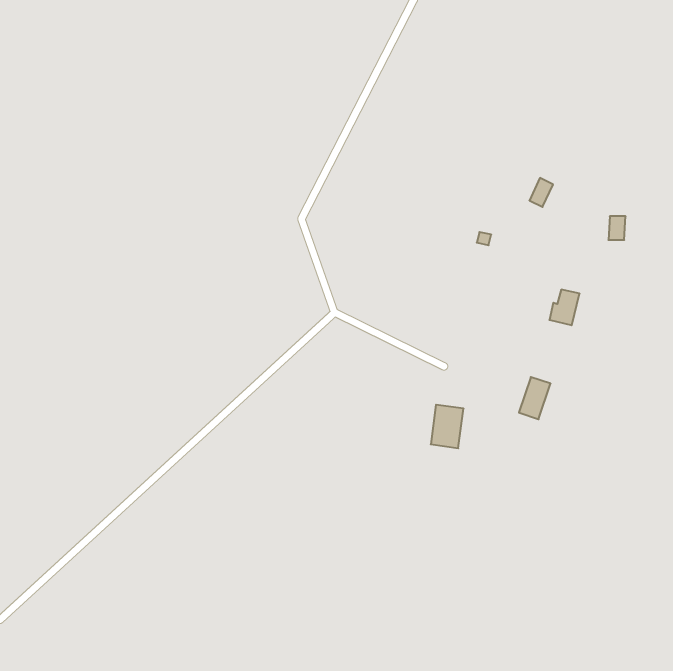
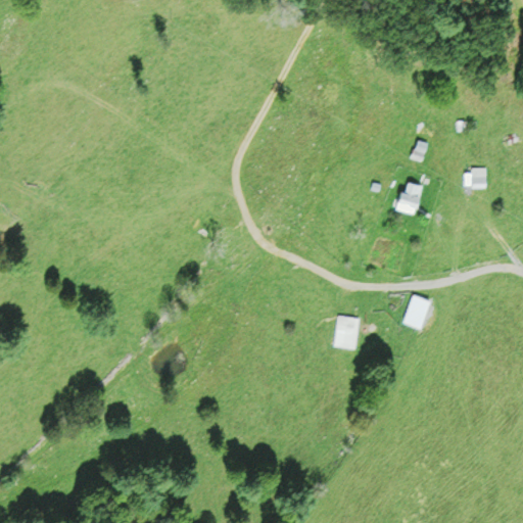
building: [549,290,580,325] -> [398,183,422,210]

